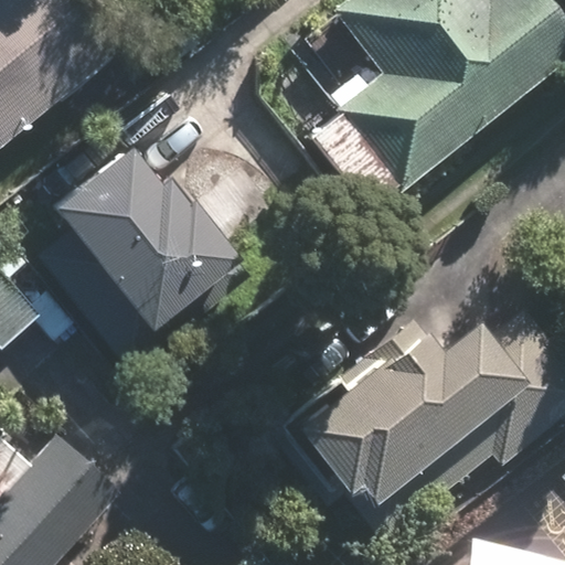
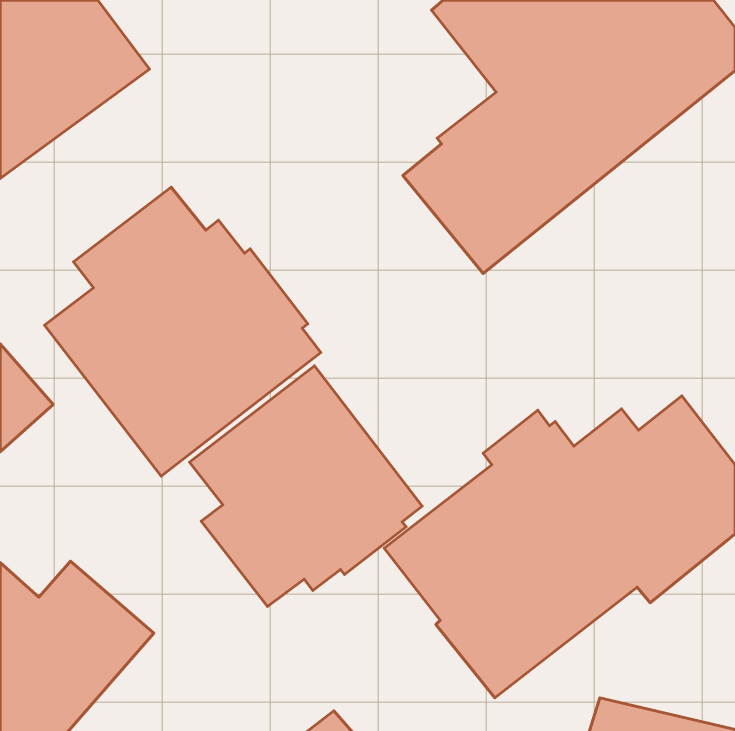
building: none -> [190,366,422,606]

